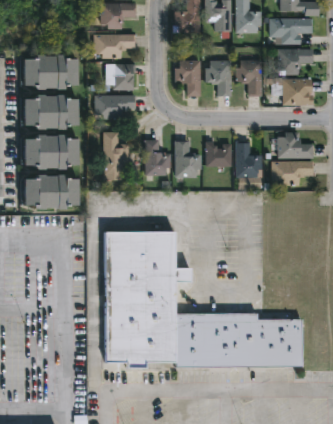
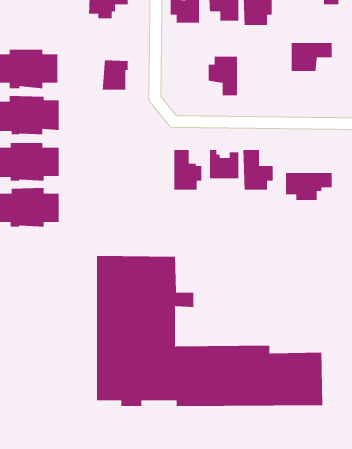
building: [269,18,312,44] -> none
building: [95,34,136,58] -> none
building: [235,59,261,95] -> none
building: [173,60,199,95] -> none
building: [282,79,313,105] -> none
building: [94,95,136,119] -> none
building: [277,131,312,158] -> none
building: [103,132,129,180] -> none
building: [144,139,172,175] -> none

